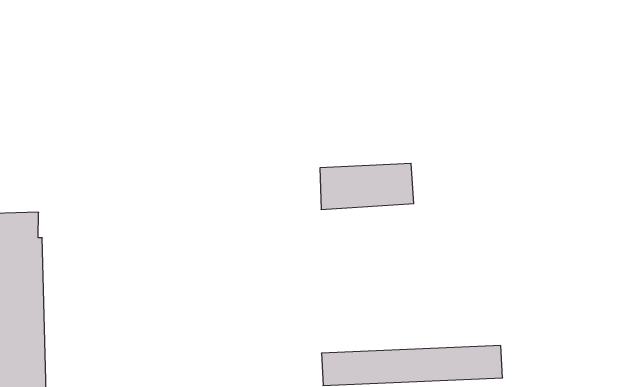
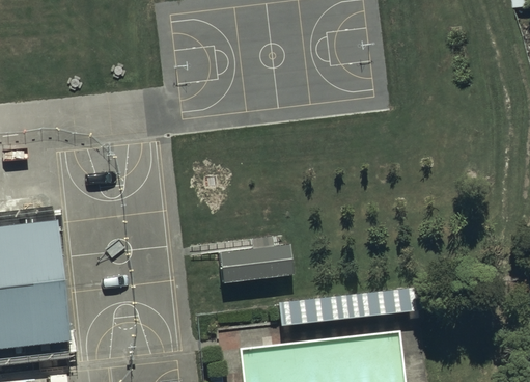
building: [320,163,414,209] -> [221,248,296,289]

